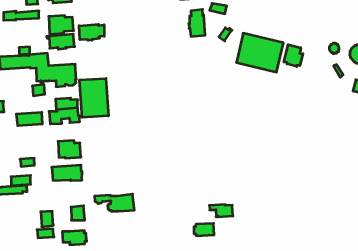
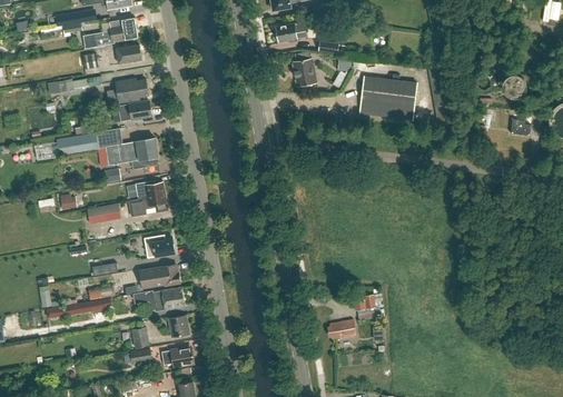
building: [79,24,104,40] -> none
building: [284,45,303,67] -> none
building: [80,78,108,117] -> none
building: [95,194,134,211] -> [132,287,185,311]

